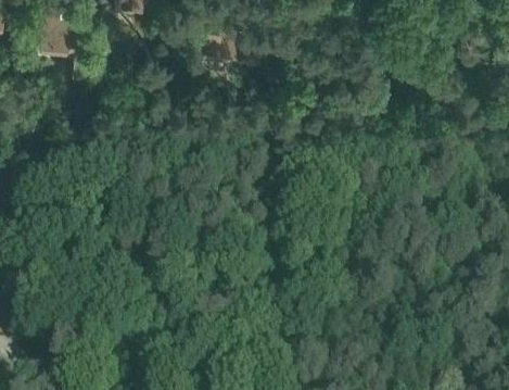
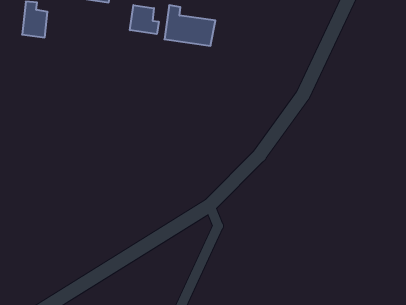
building: none -> [130,5,159,34]

